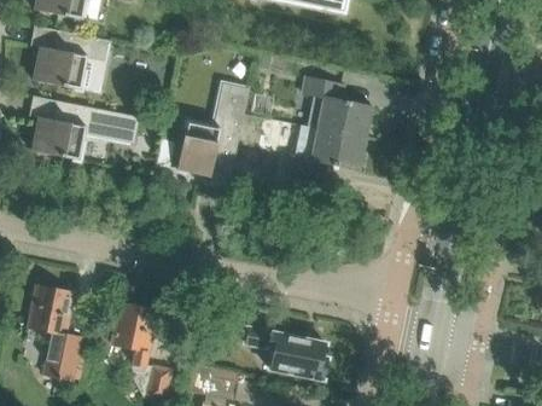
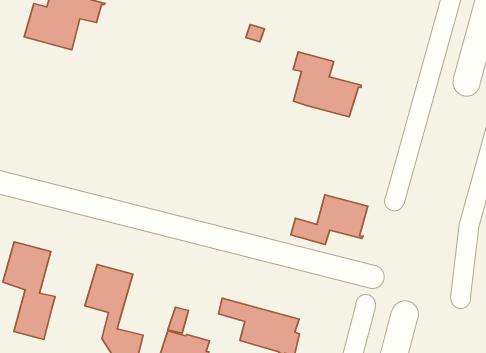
building: [176,86,249,190] -> none
building: [31,100,139,161] -> none
building: [287,129,362,179] -> [291,195,368,244]

